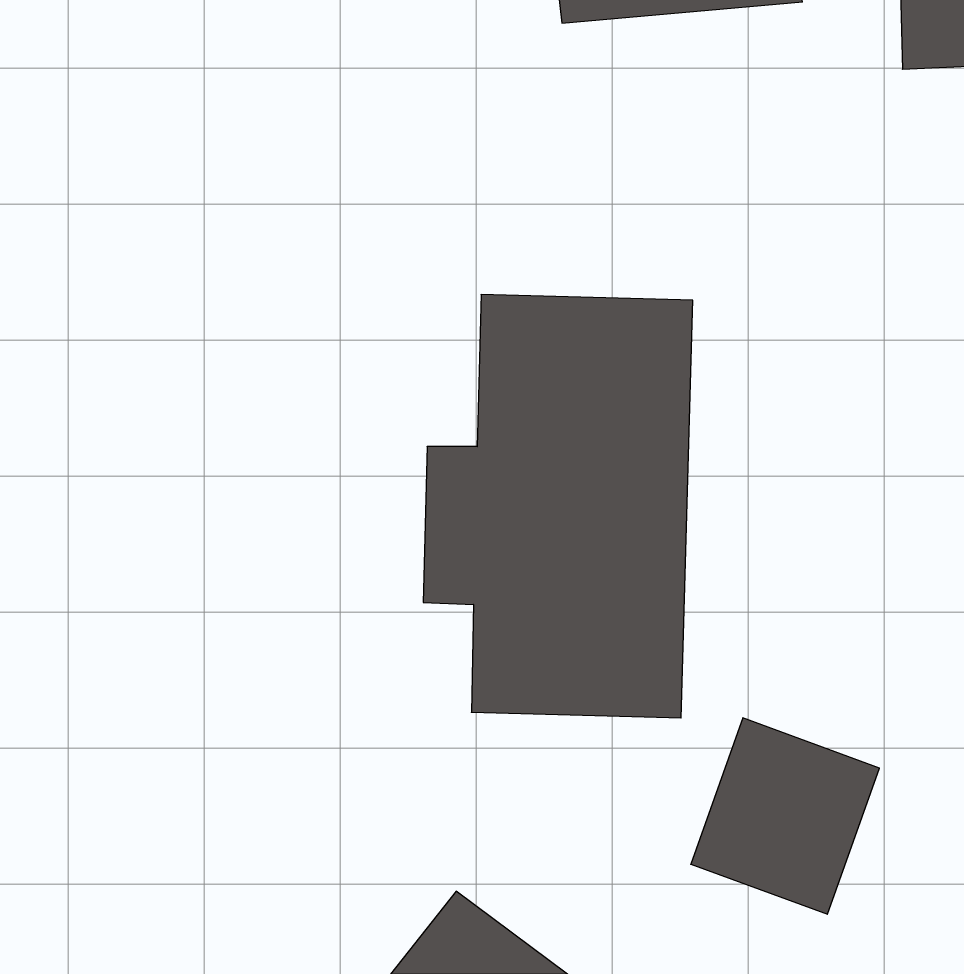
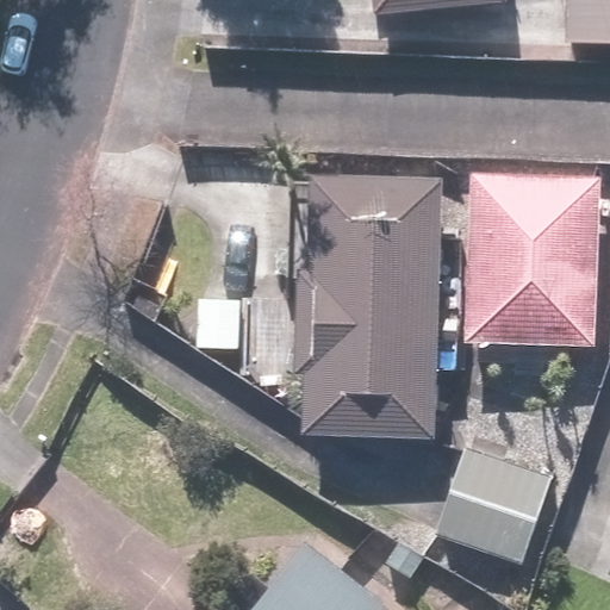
building: none -> [461,169,597,349]

